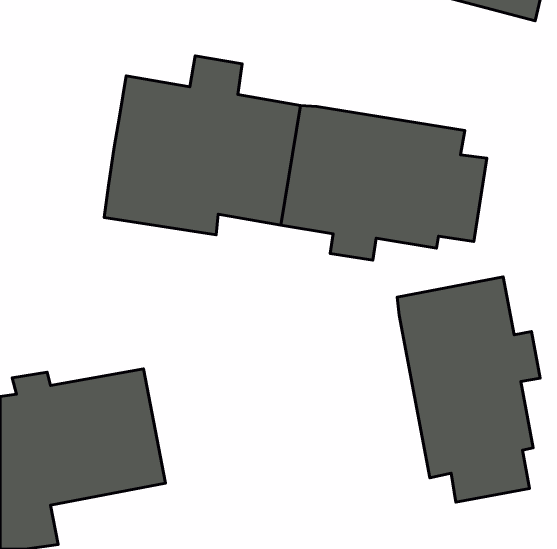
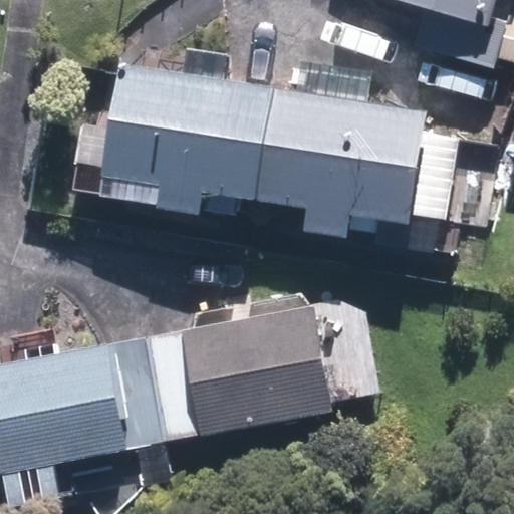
building: [397,277,540,502] -> none
building: none -> [135,304,328,442]

